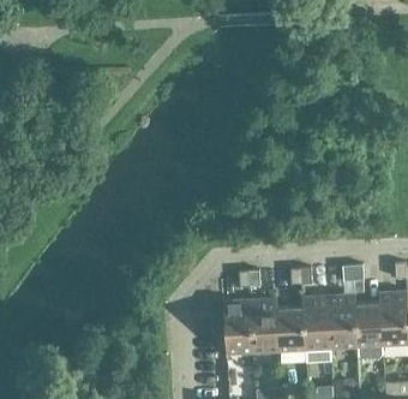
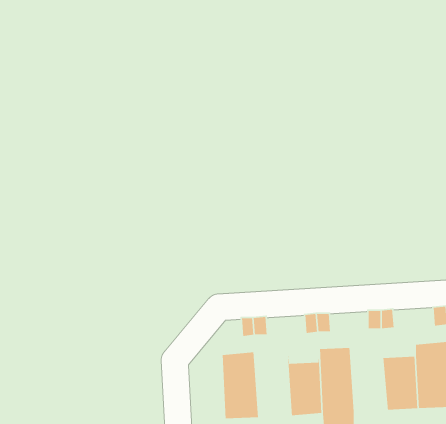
building: [328,294,358,349] -> none
building: [250,298,280,353] -> none

